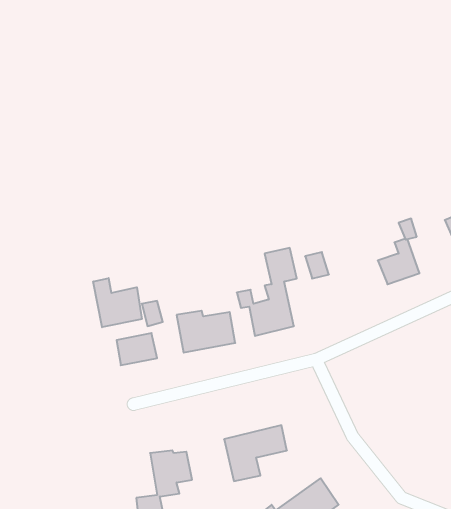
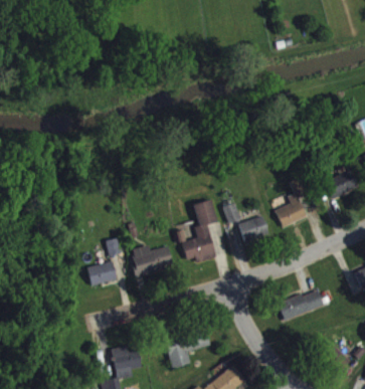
building: none -> [238,215,269,242]
building: [93,278,142,327] -> none
building: none -> [279,290,324,319]

